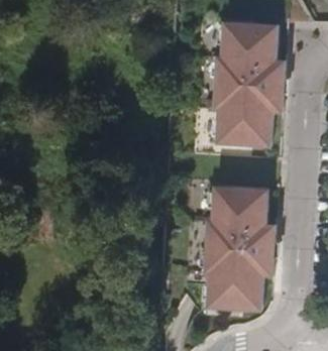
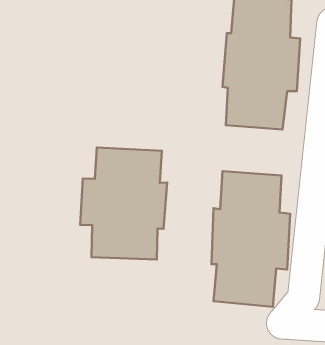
building: none -> [80,148,167,260]

